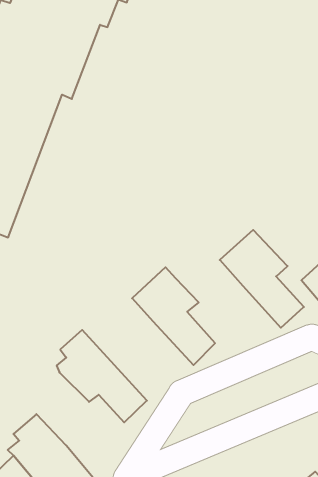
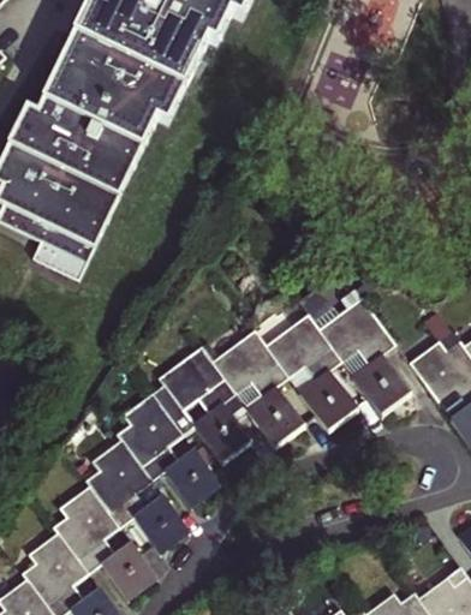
building: none -> [264,316,358,430]
building: none -> [161,348,251,462]
building: none -> [84,442,187,553]

